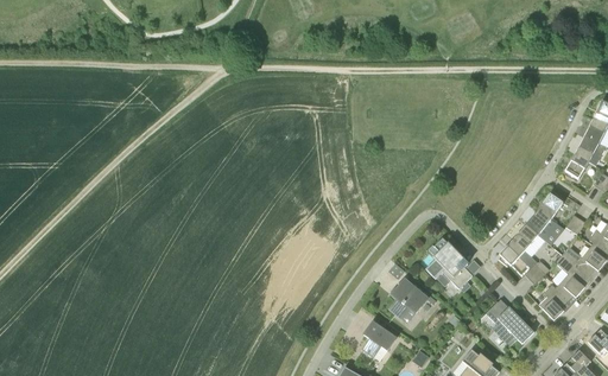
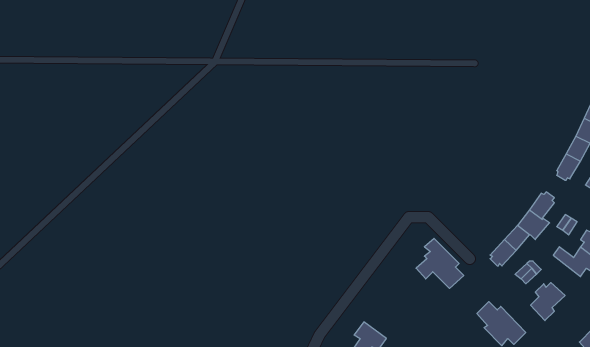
building: [555,255,589,298] -> none
building: [390,279,428,318] -> none

